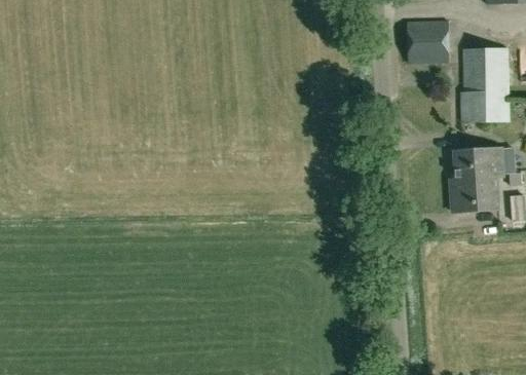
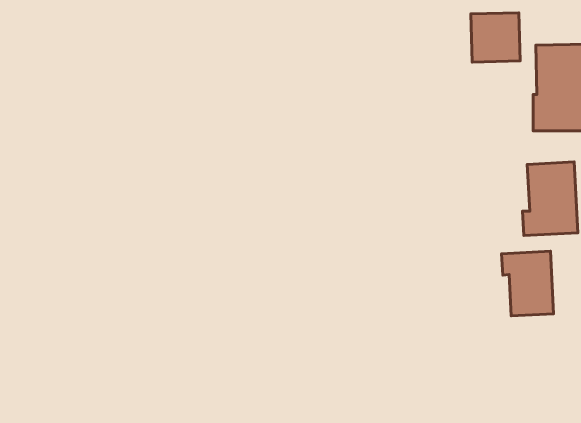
building: none -> [502,251,554,316]

